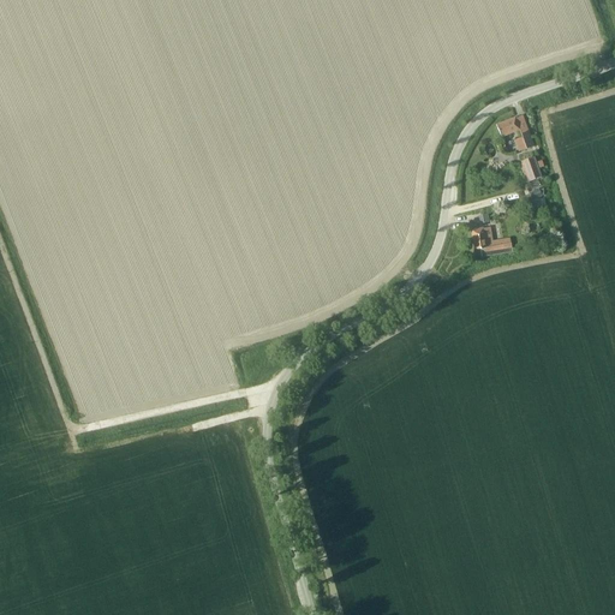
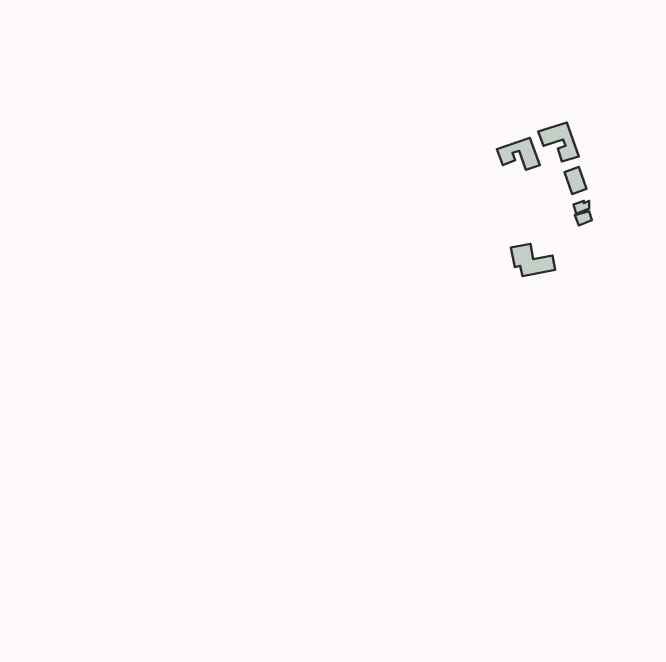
building: none -> [497,138,540,170]

